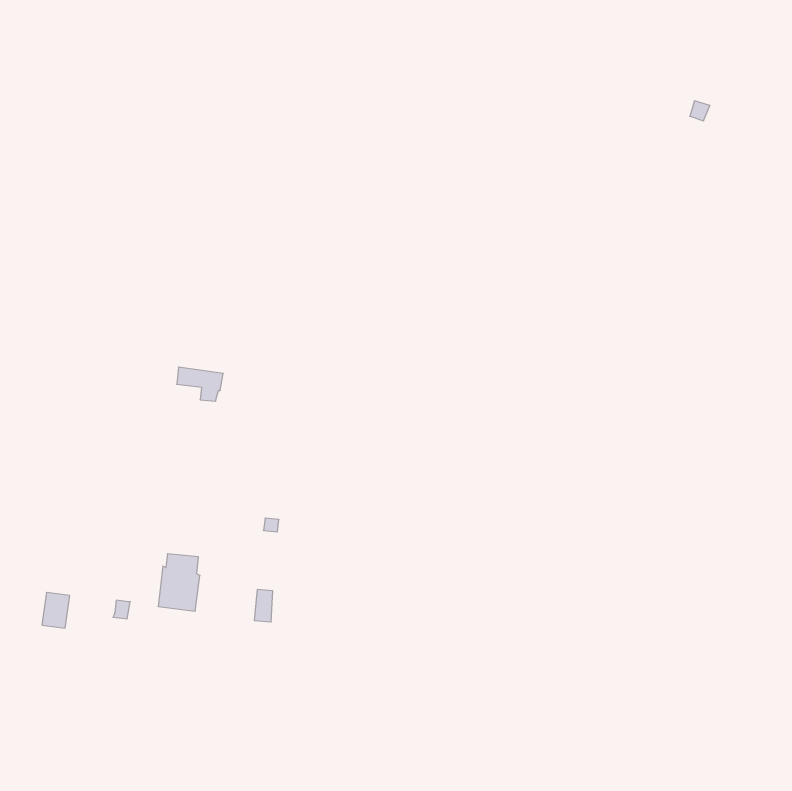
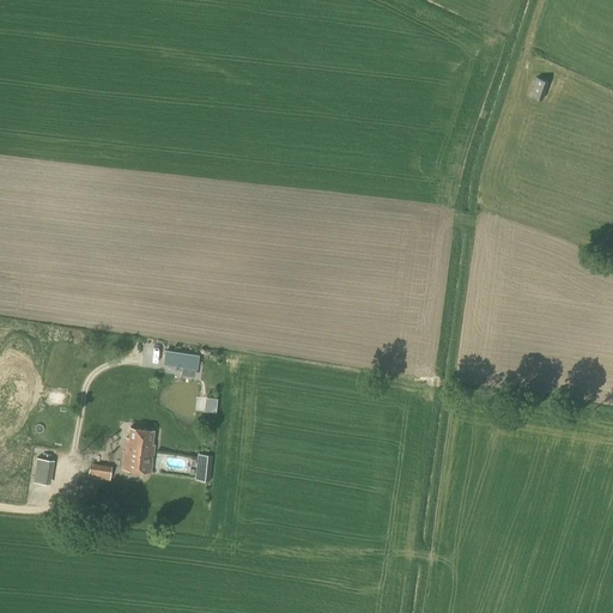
building: [177,367,223,401] -> [163,351,199,377]

